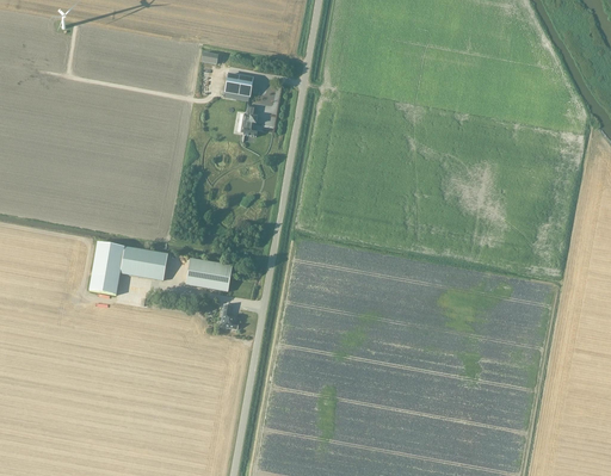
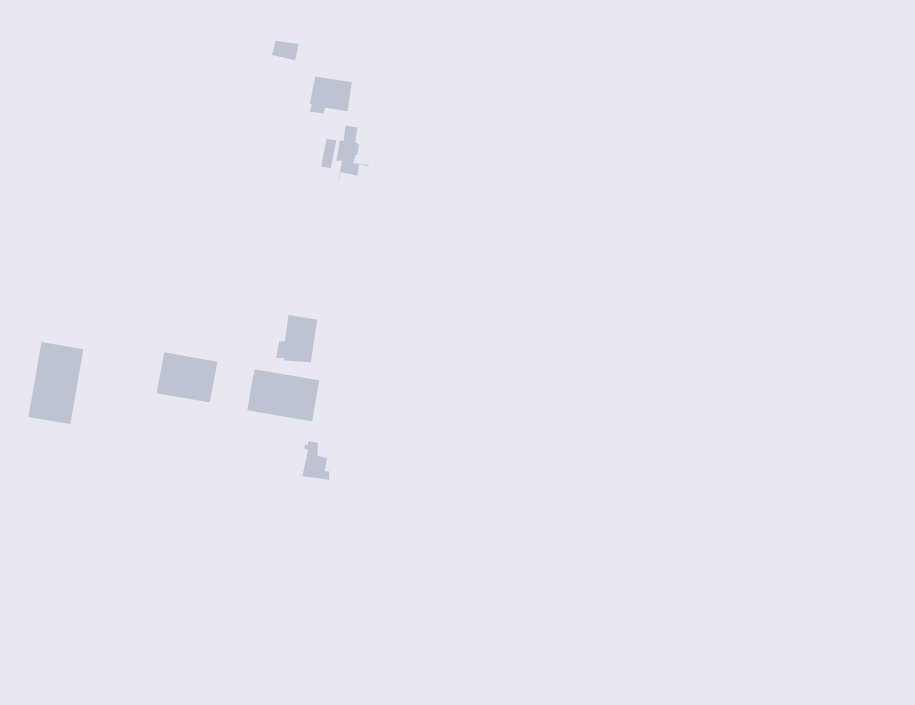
building: none -> [276,314,318,363]
building: [90,241,125,293] -> [28,342,84,425]

